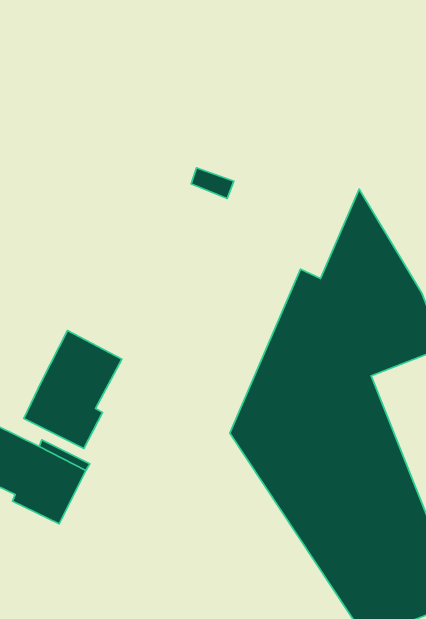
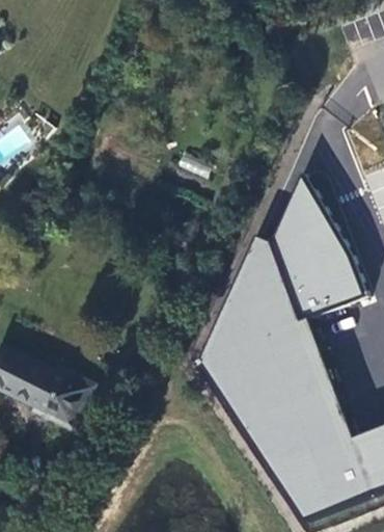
building: [24,331,122,449] -> none

